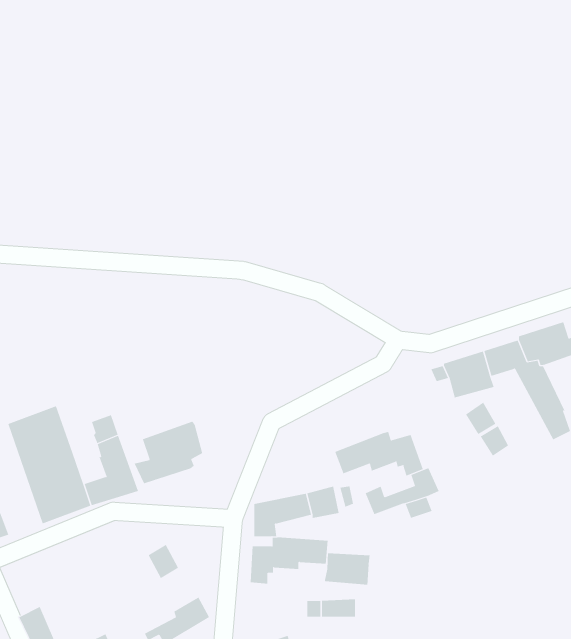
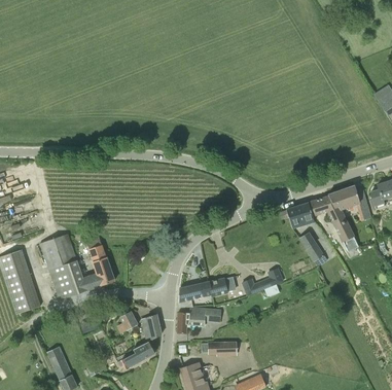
building: [134,421,203,484] -> none
building: [334,431,424,477] -> none
building: none -> [141,313,162,342]
building: [324,553,370,585] -> none

